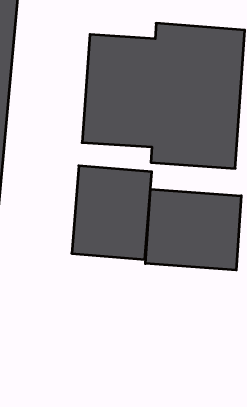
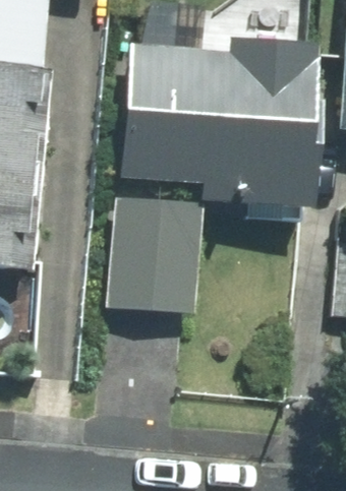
building: [145,189,241,270] -> none

